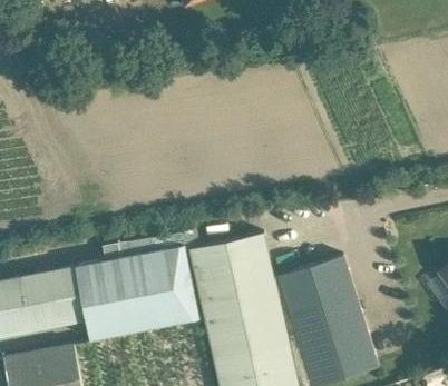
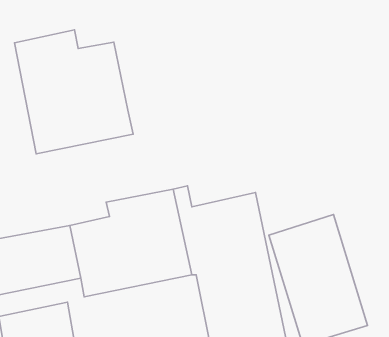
building: none -> [15,30,133,154]

